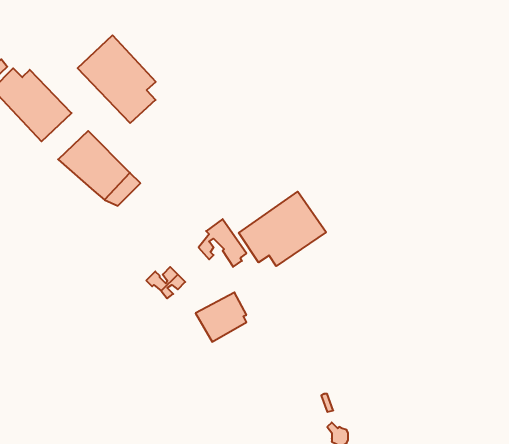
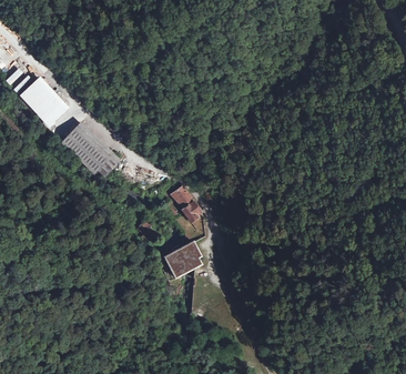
building: [78,35,156,123] -> none
building: [239,192,326,266] -> none

